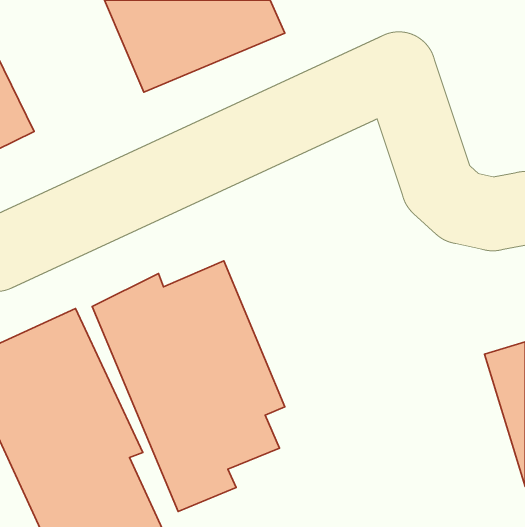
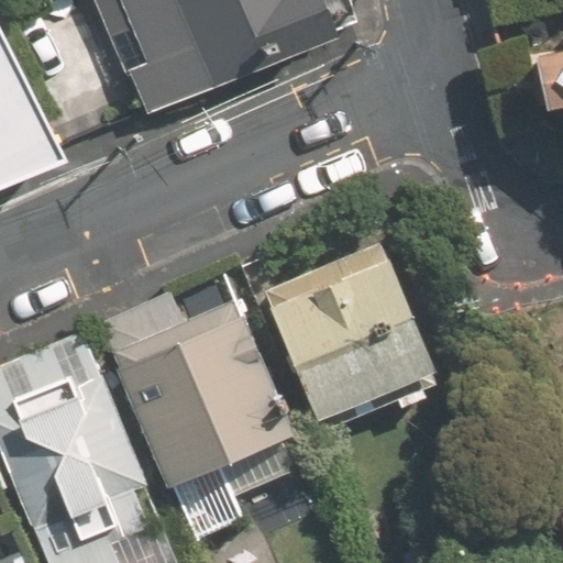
building: none -> [262,244,438,421]

